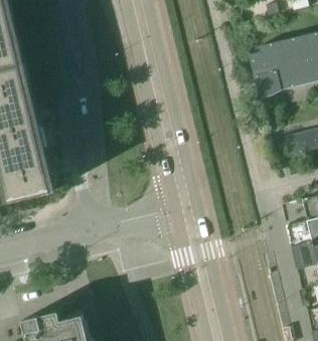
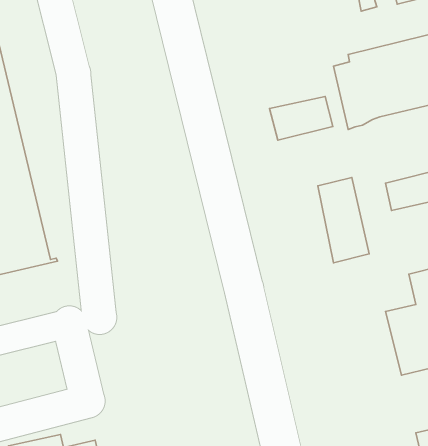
building: none -> [269,97,333,140]
building: none -> [318,178,369,263]

